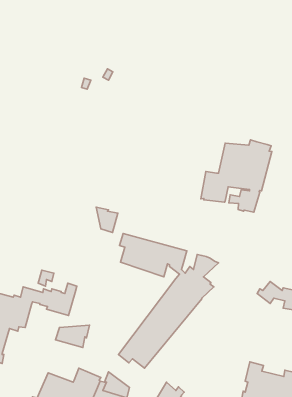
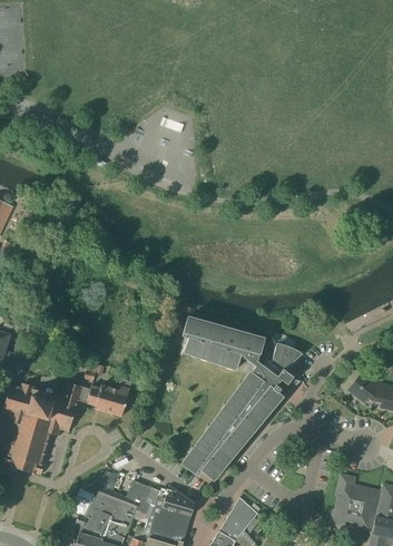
building: [201,140,272,212] -> none
building: [96,207,118,232] -> none
building: [56,325,89,348] -> none

